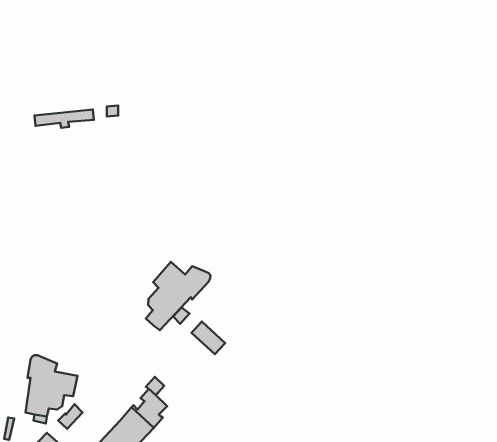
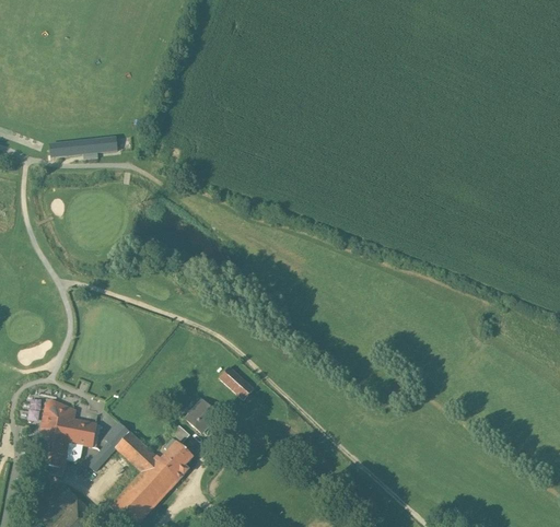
building: [146,262,210,330] -> none
building: none -> [185,399,219,433]
building: none -> [115,432,155,471]

